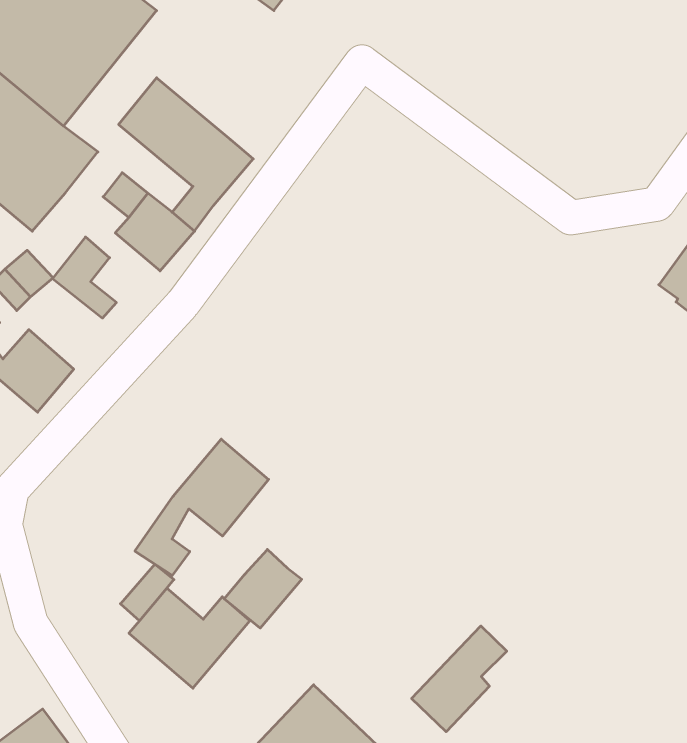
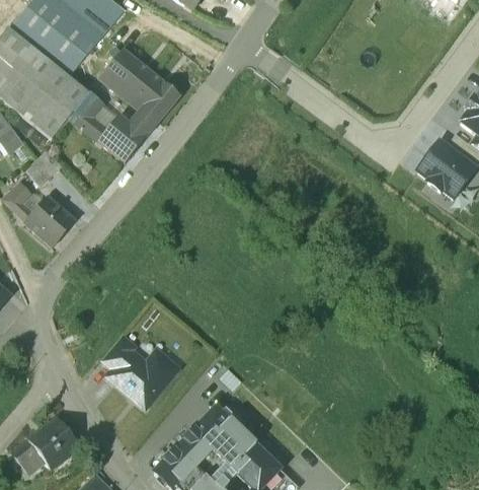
building: [53,237,116,318] -> [70,92,107,140]
building: [135,439,269,575] -> none
building: [224,549,302,628] -> none
building: [412,626,507,732] -> none

